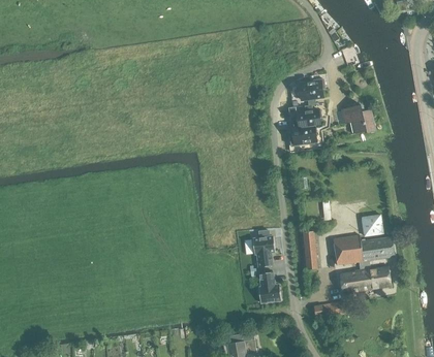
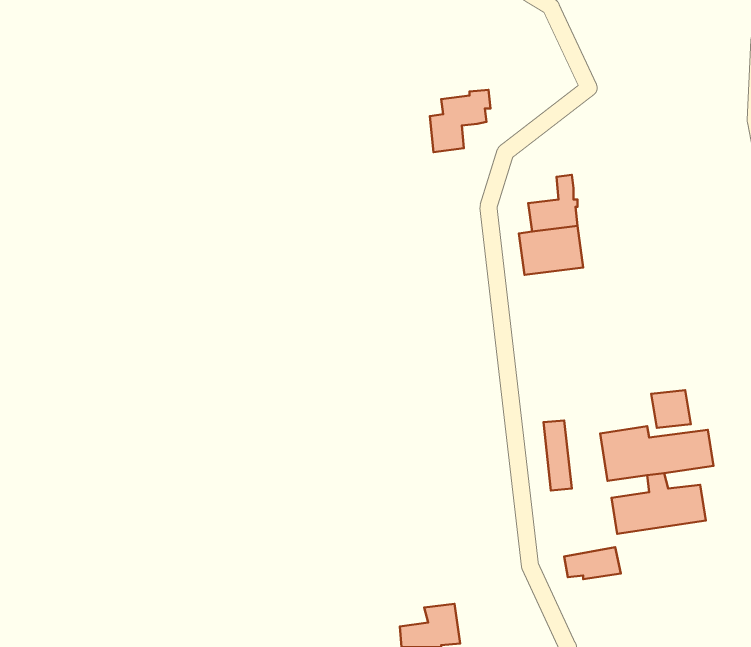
building: [291,78,324,112] -> [430,90,490,152]
building: [341,104,375,133] -> none
building: [252,235,275,266] -> none
building: [258,271,280,302] -> none

